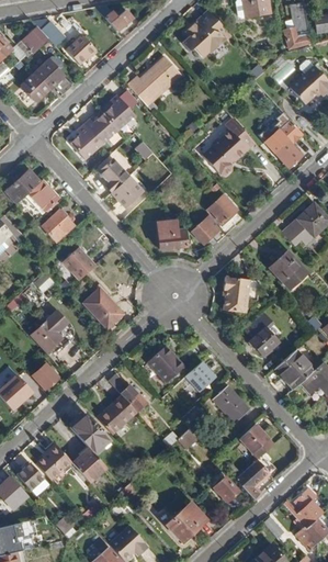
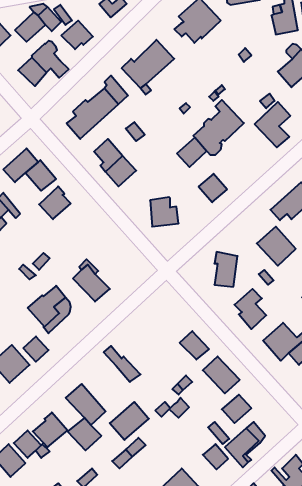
building: [191,214,222,245] -> [177,138,207,167]
building: [63,247,97,280] -> none
building: [143,345,180,382] -> none
building: [98,394,138,434] -> [110,402,149,440]

